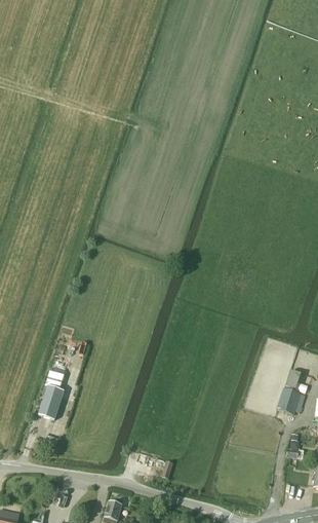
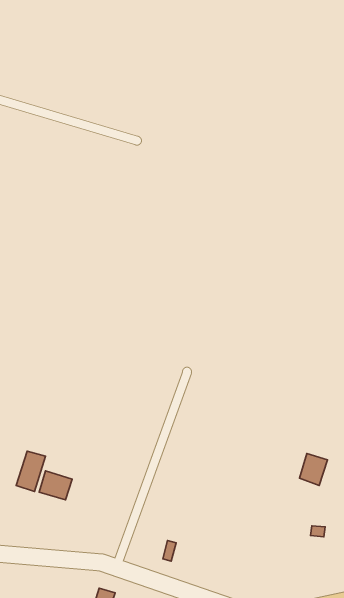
building: none -> [39,471,72,500]

